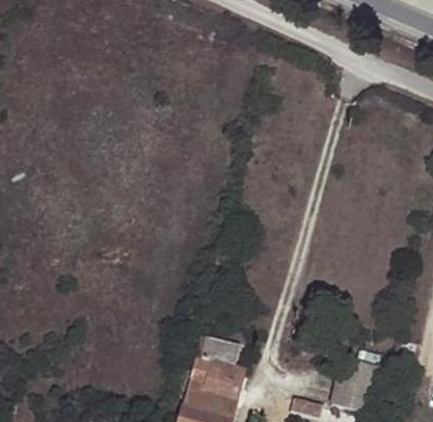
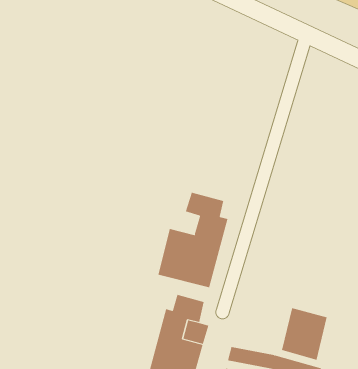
building: none -> [158,192,228,288]

